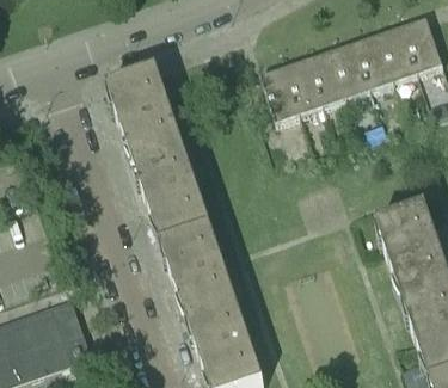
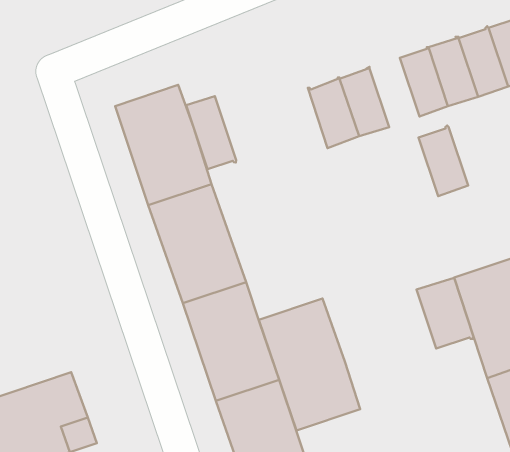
building: [309,48,349,104] -> [418,125,468,196]
building: none -> [186,96,236,169]
building: none -> [417,278,473,349]
building: none -> [259,298,360,431]

